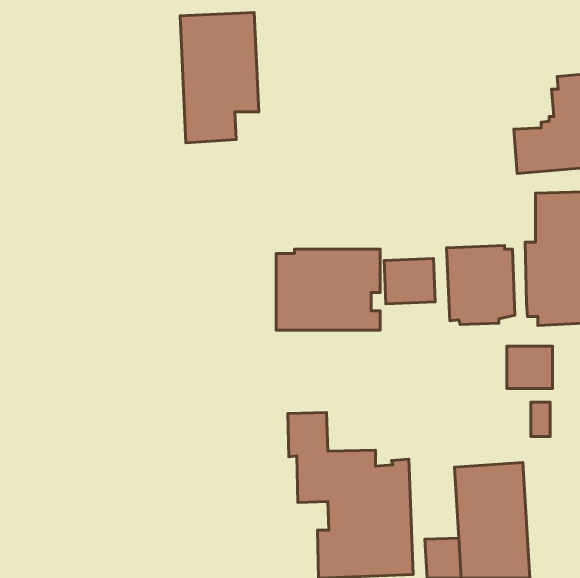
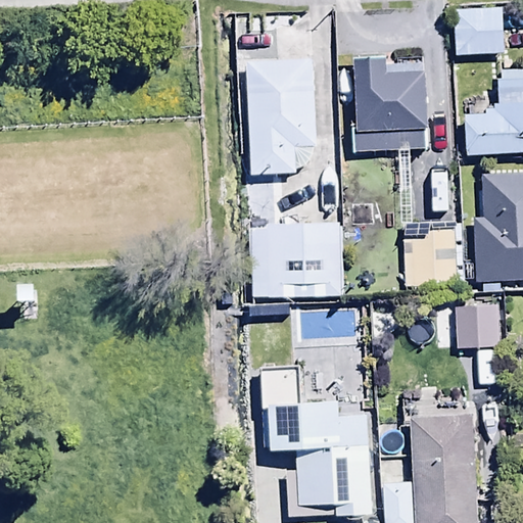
building: none -> [453,9,504,54]
building: [180,13,259,143] -> [247,58,318,175]
building: none -> [354,58,429,220]
building: [384,258,435,304] -> none

